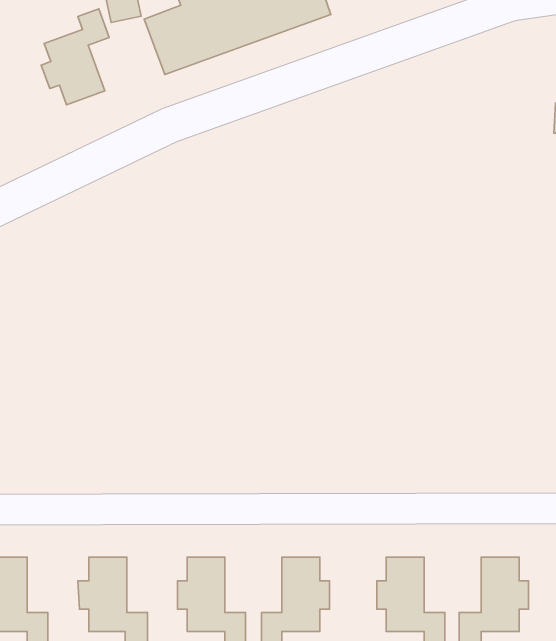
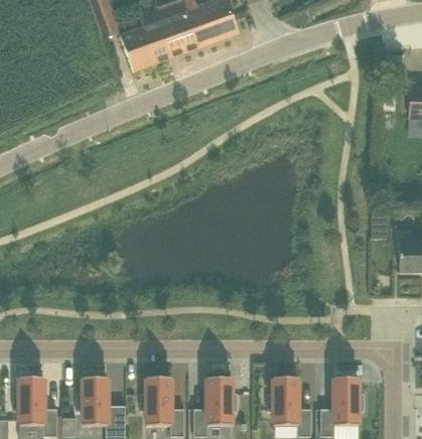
building: [41,9,109,105] -> none

